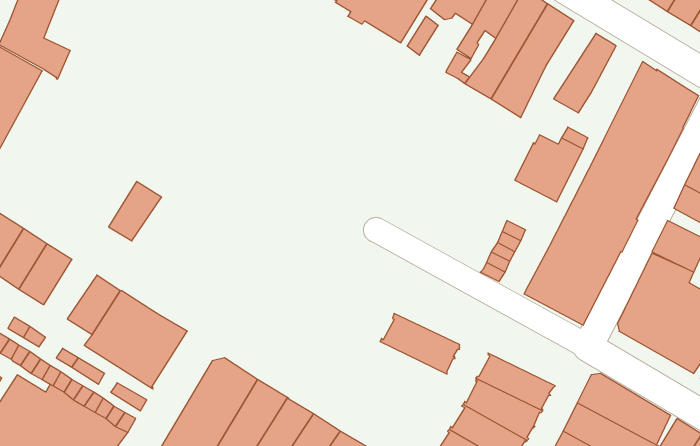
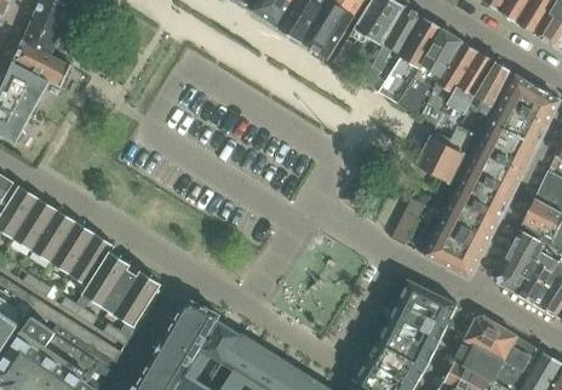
building: none -> [422,42,480,126]
building: none -> [463,62,516,134]
building: [109,182,162,241] -> [51,228,92,274]
building: [380,313,460,374] -> [396,279,458,326]

